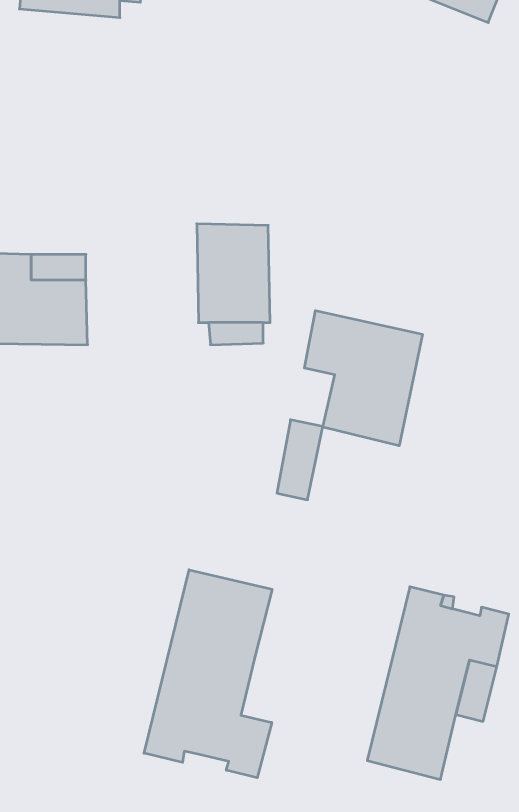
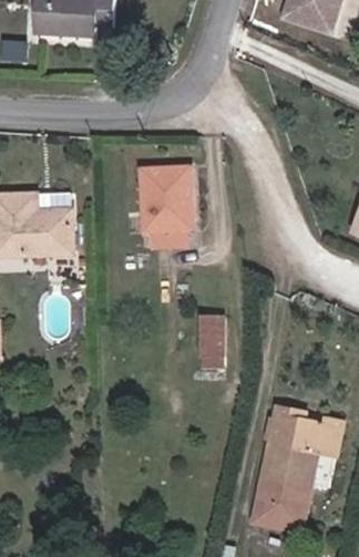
building: [304,311,422,446] -> none
building: [144,570,272,778] -> none

